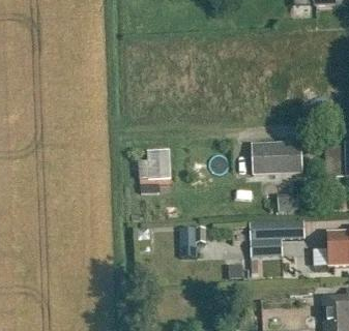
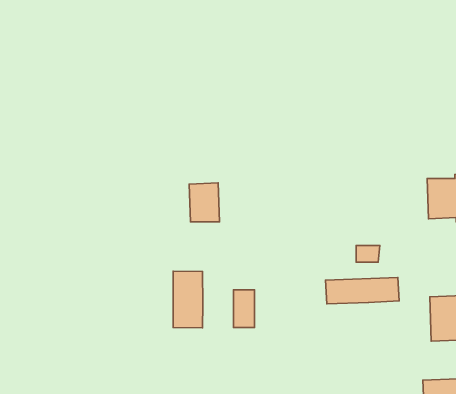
building: [251,140,301,174] -> none
building: none -> [173,271,203,328]
building: [251,238,282,257] -> none

